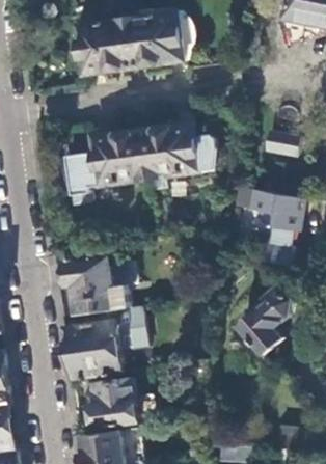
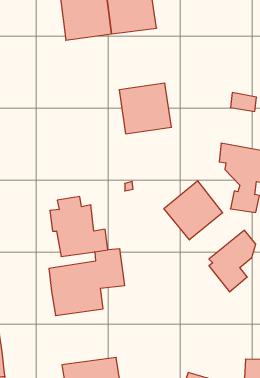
building: [64,131,147,203] -> none
building: none -> [164,181,223,240]
building: [85,379,137,429] -> none

